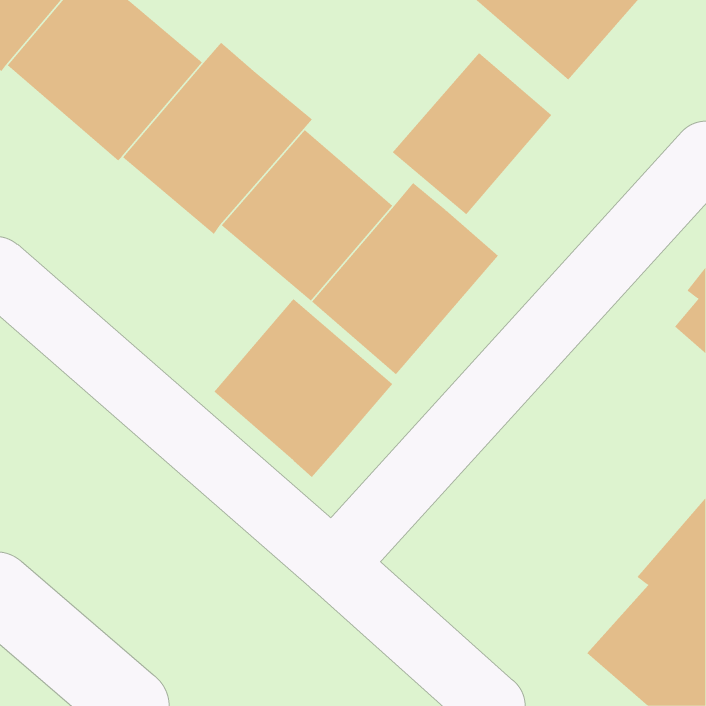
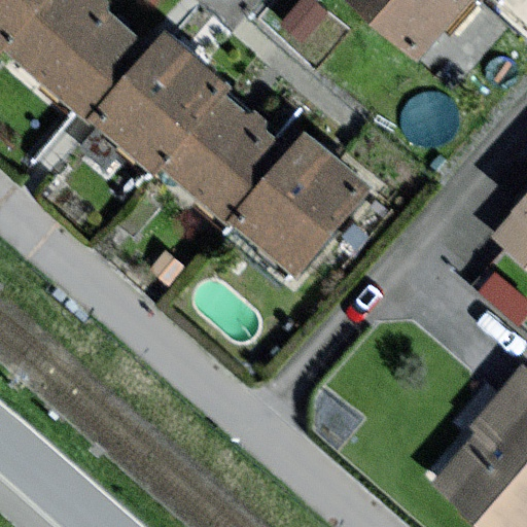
building: [392,52,552,215] -> none
building: [214,298,393,478] -> none

